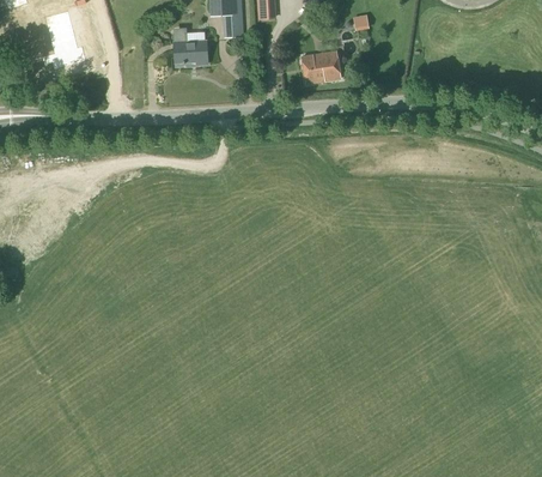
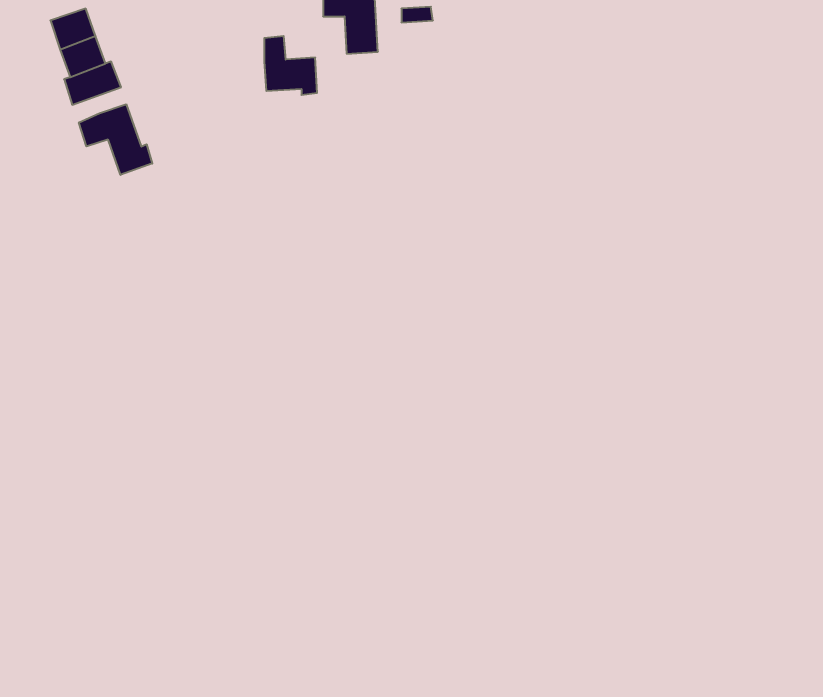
building: [303,50,341,83] -> none
building: none -> [79,104,152,175]

